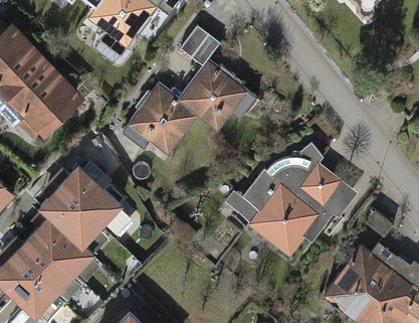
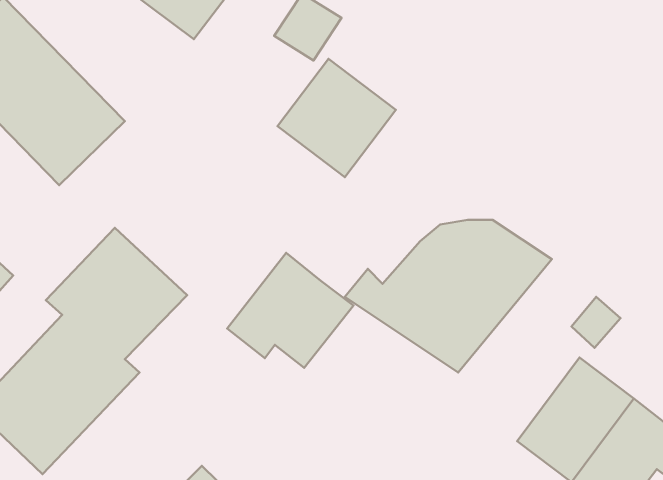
building: [122,86,199,156] -> [227,253,354,368]

